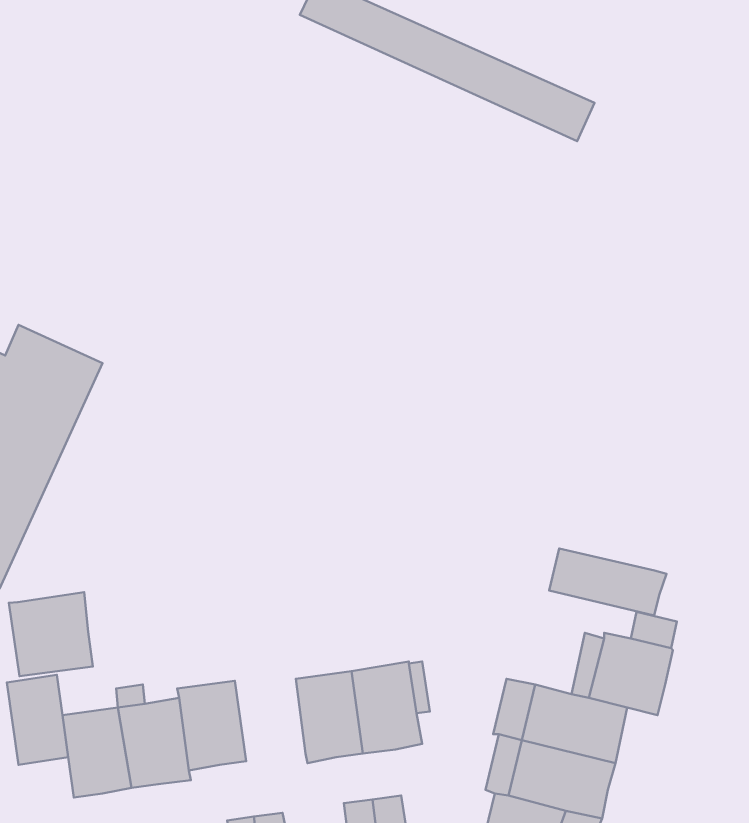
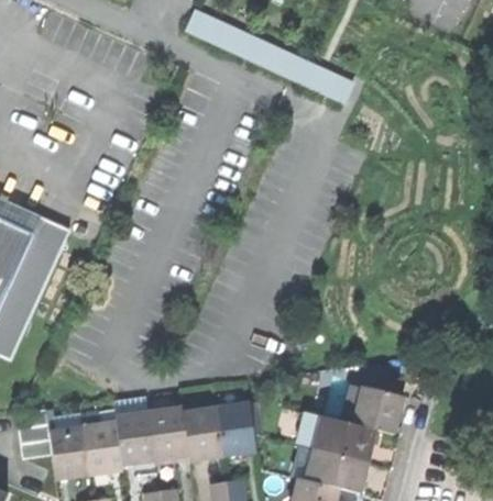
building: [549,548,667,616] -> none
building: [9,592,93,676] -> none
building: none -> [147,408,188,459]

